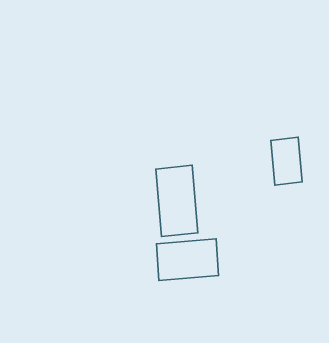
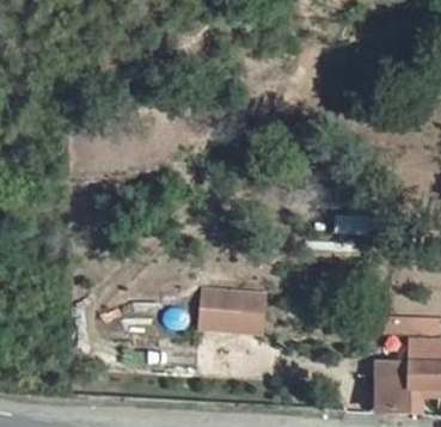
building: [156,165,198,237] -> none

